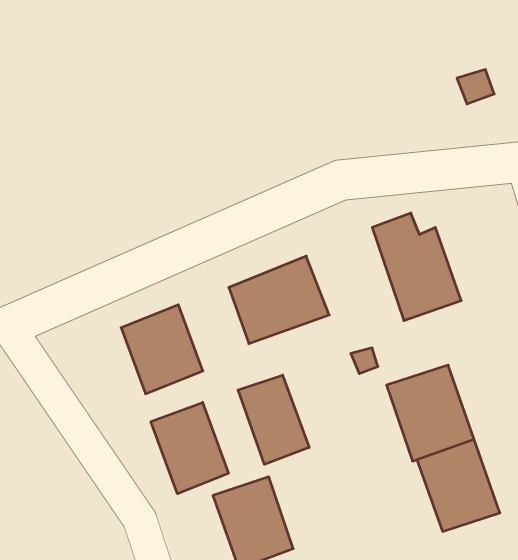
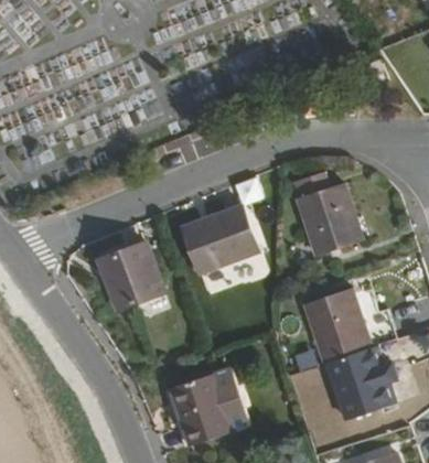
building: [238,375,309,464] -> none
building: [151,402,228,494] -> none

